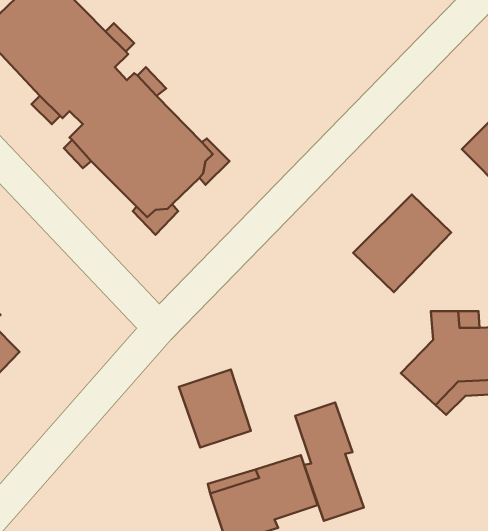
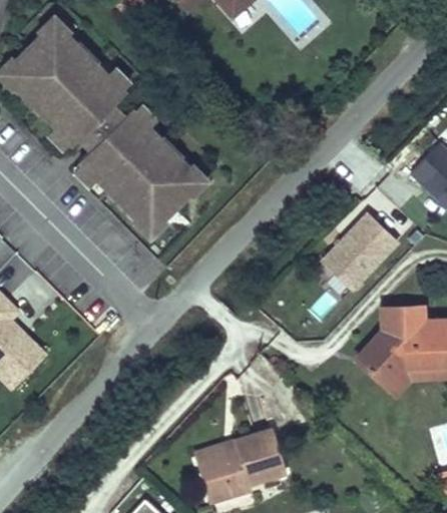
building: [179,370,251,448] -> none
building: [295,402,364,521] -> none

